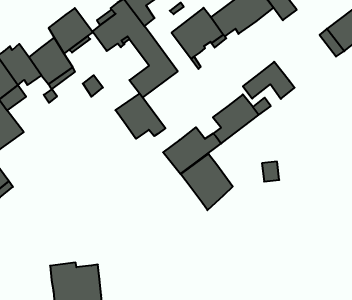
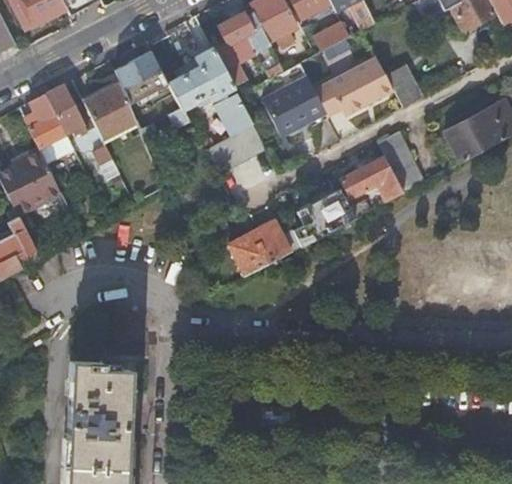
building: none -> [377,130,425,191]
building: [115,93,165,139] -> none
building: [180,154,233,210] -> none

